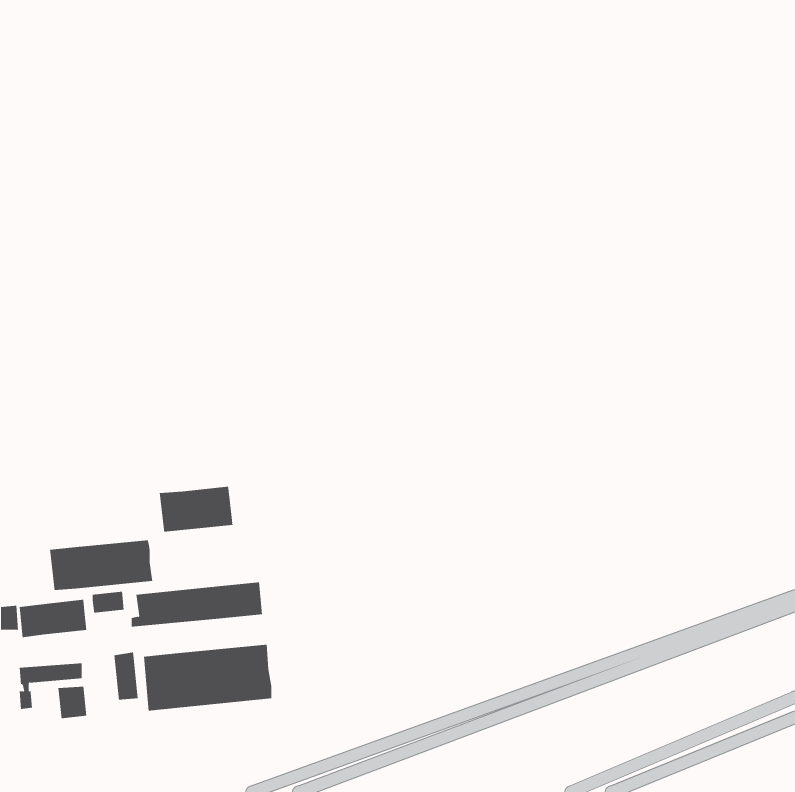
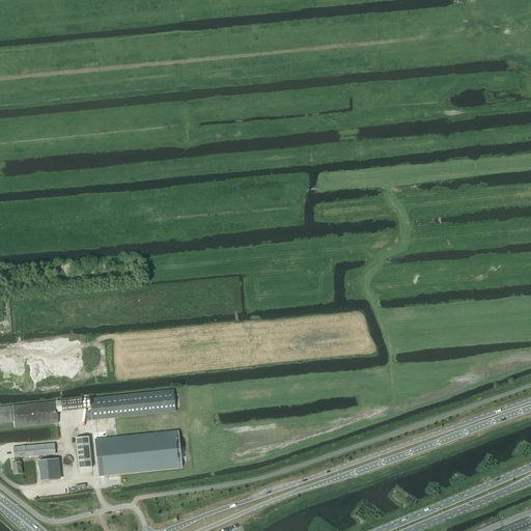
building: [159,486,233,532] -> none
building: [50,540,153,591] -> none

